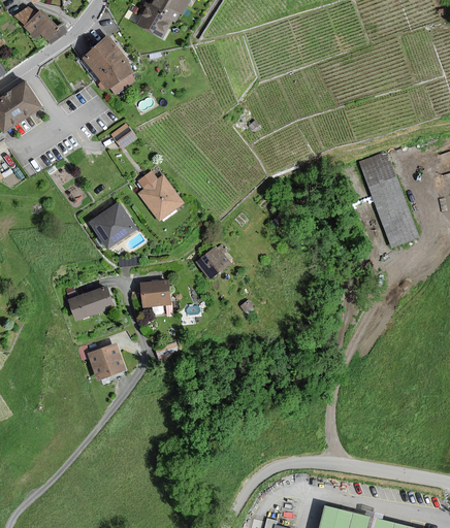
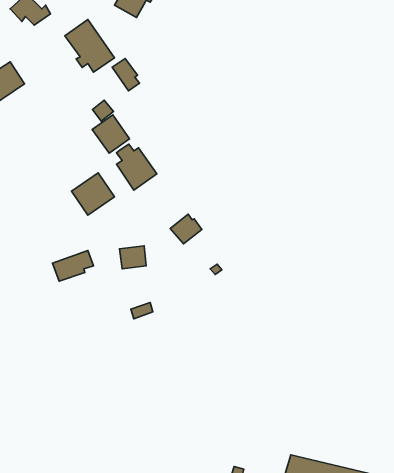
building: none -> [112,58,140,91]
building: none -> [92,115,130,153]
building: [359,154,417,248] -> none
building: [89,343,125,378] -> none

